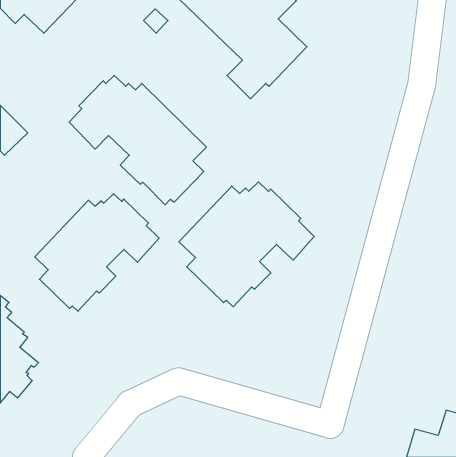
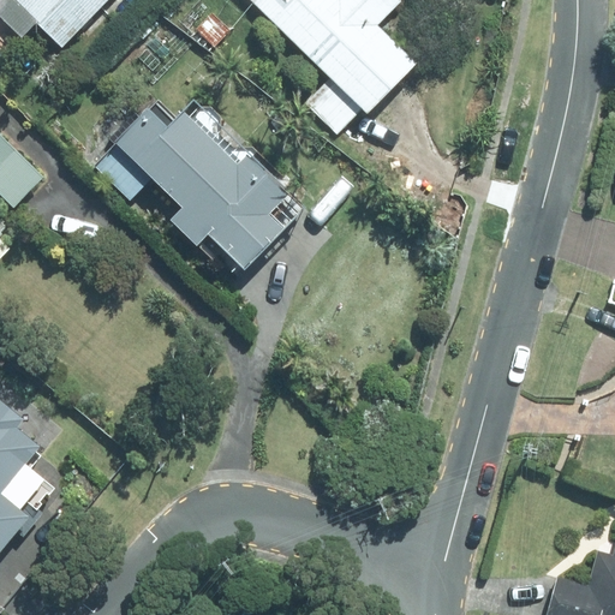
building: [179,182,314,307] -> none
building: [35,194,159,311] -> none

